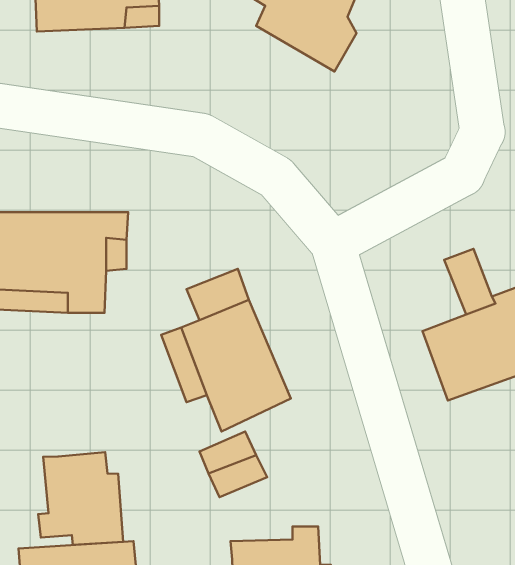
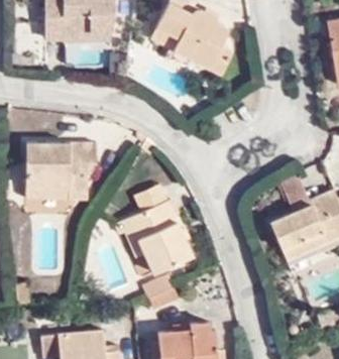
building: [38,452,123,545] -> none

